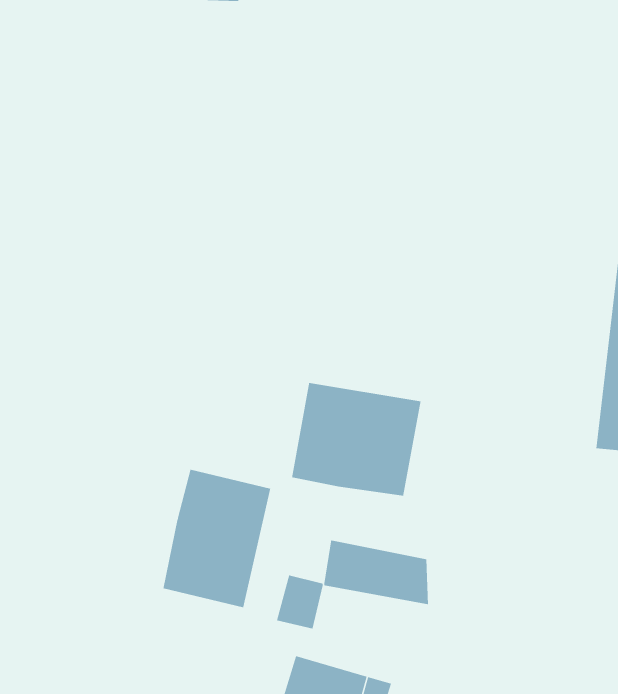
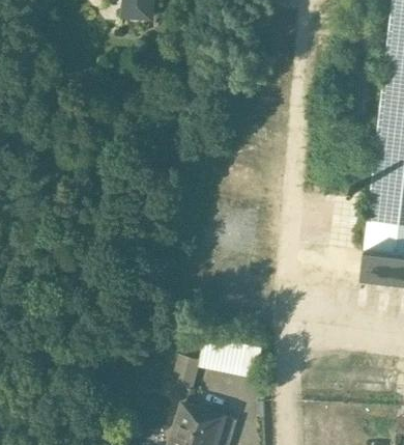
building: [291,382,421,496] -> none
building: [163,469,271,608] -> none

